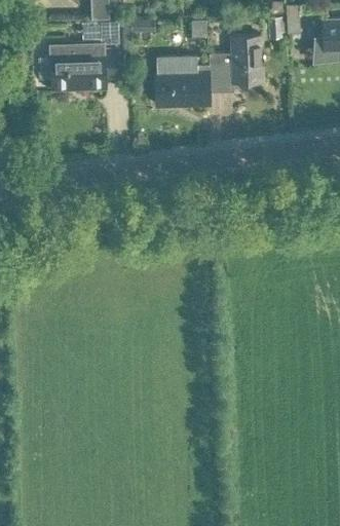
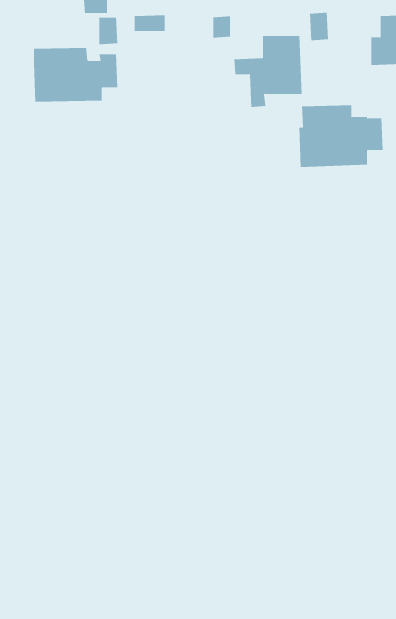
building: [154,57,221,106] -> [298,105,383,168]

